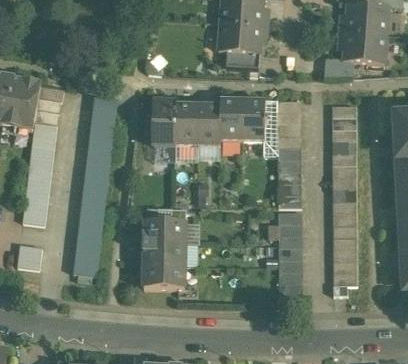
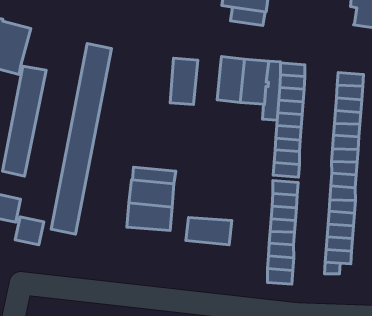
building: [324,58,354,77] -> none
building: [33,86,63,124] -> none
building: [154,100,176,146] -> none
building: [198,104,221,146] -> none
building: none -> [15,217,44,245]
building: [143,266,185,289] -> [186,217,232,245]

